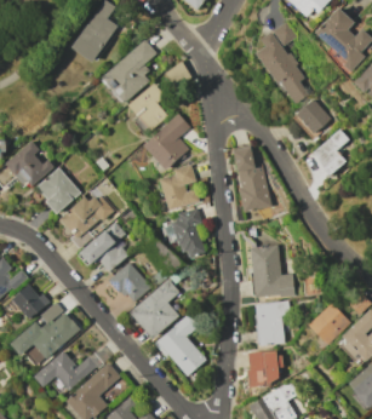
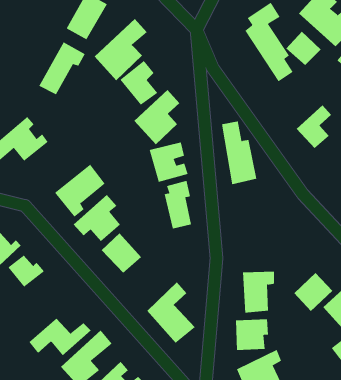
building: none -> [39,42,85,95]
building: [294,98,332,134] -> [285,31,322,66]
building: [36,167,81,213] -> none
building: [251,245,294,298] -> none
building: [130,279,179,338] -> none
building: [10,302,80,366] -> none

